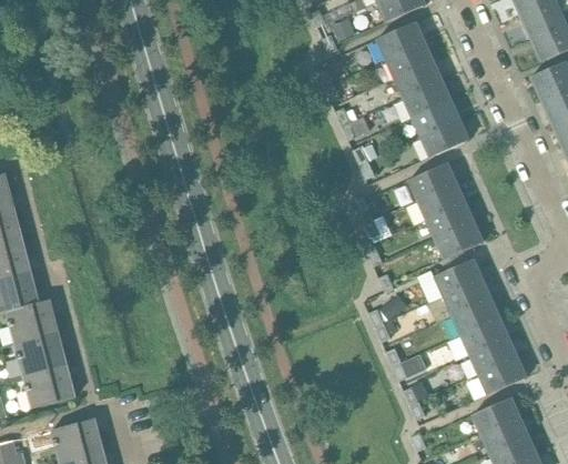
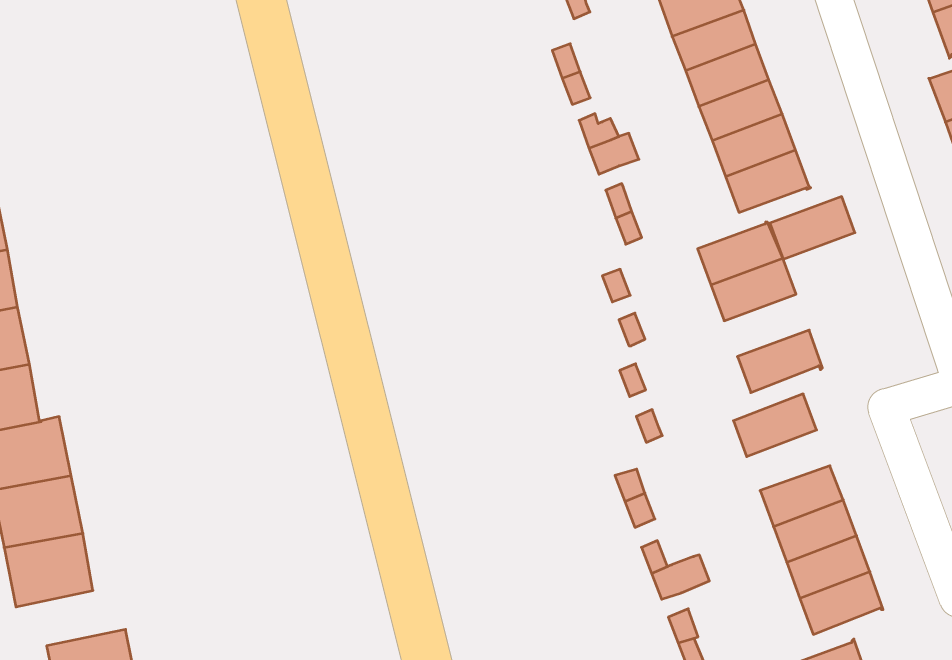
building: [425,202,474,240] -> [770,197,855,259]
building: [443,279,490,315] -> none

